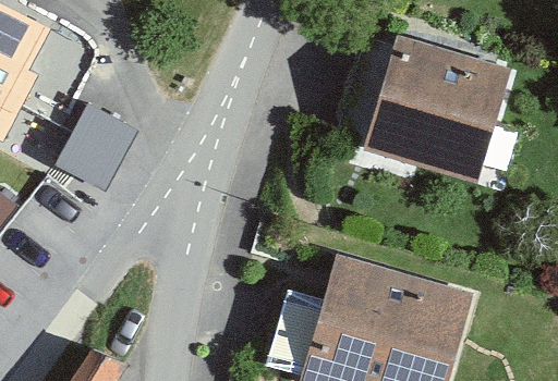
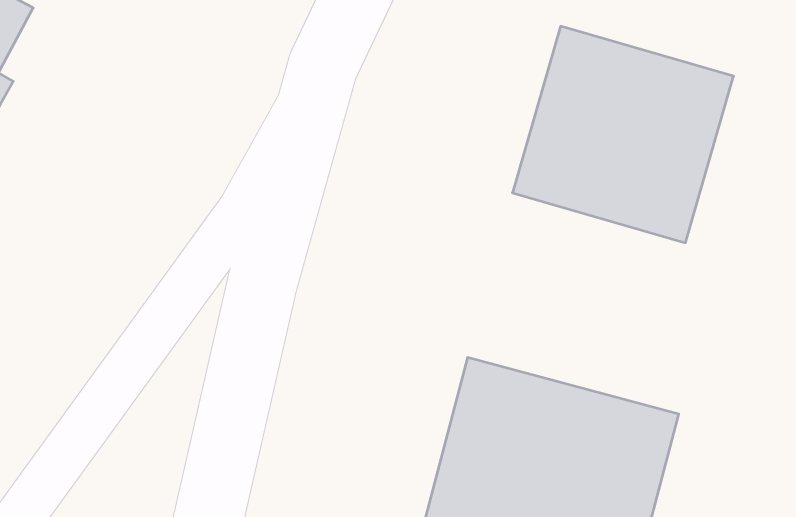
building: [60,98,136,181] -> none

